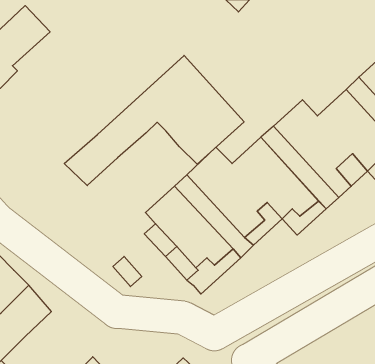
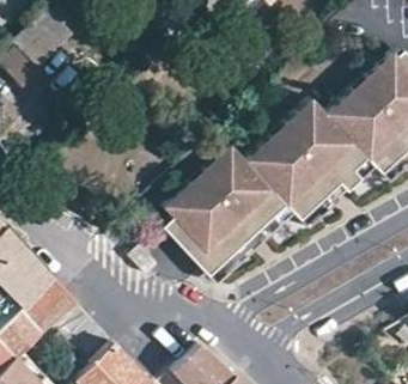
building: [64,55,244,186] -> none

